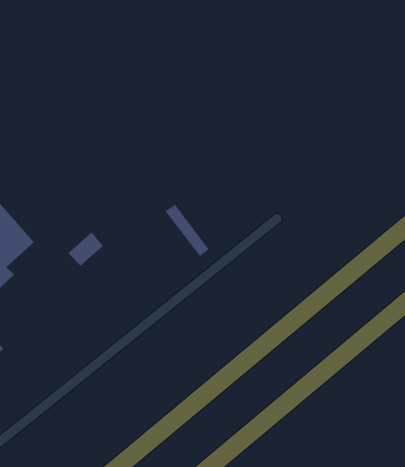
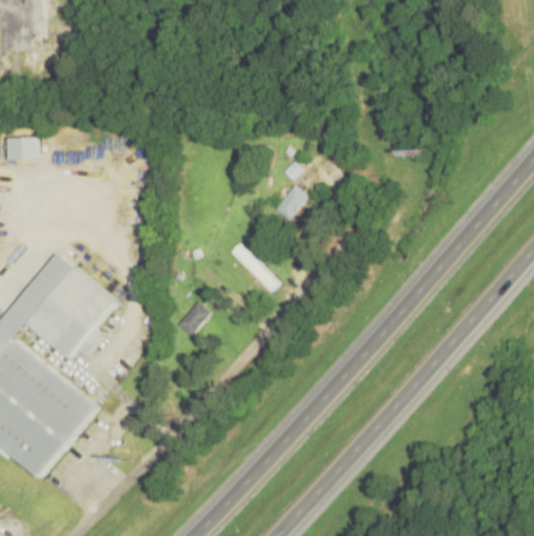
building: none -> [276,187,311,223]
building: [67,231,104,266] -> [178,303,211,338]

